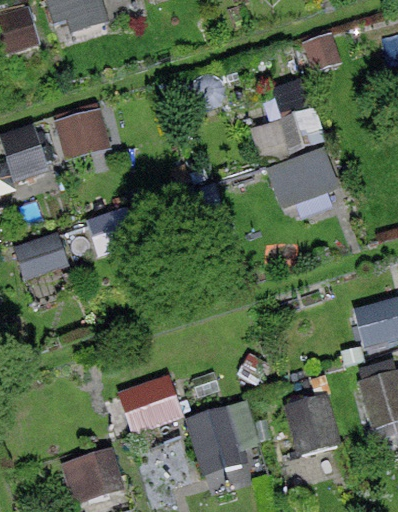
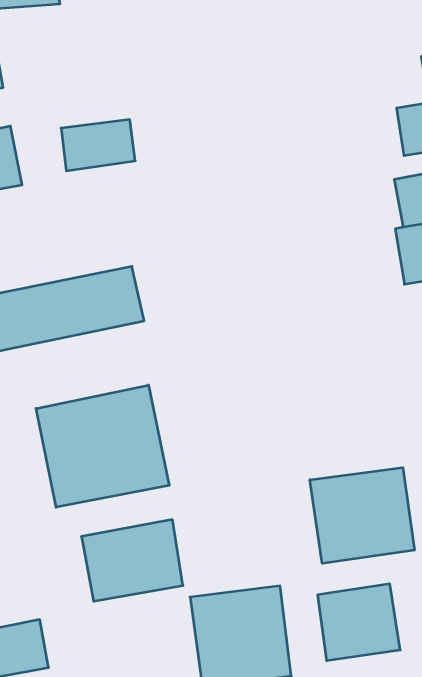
building: none -> [36,385,169,507]
building: none -> [310,468,414,563]

